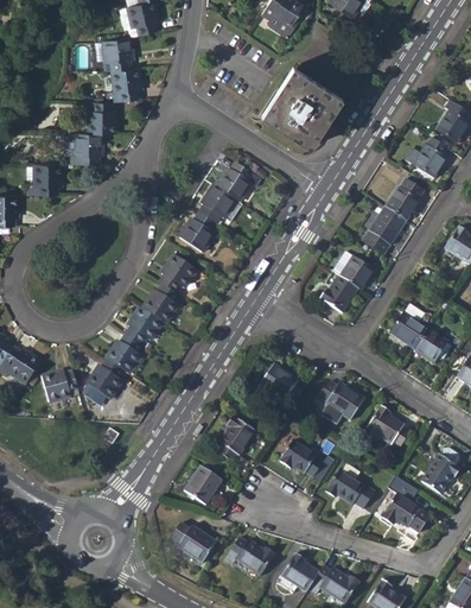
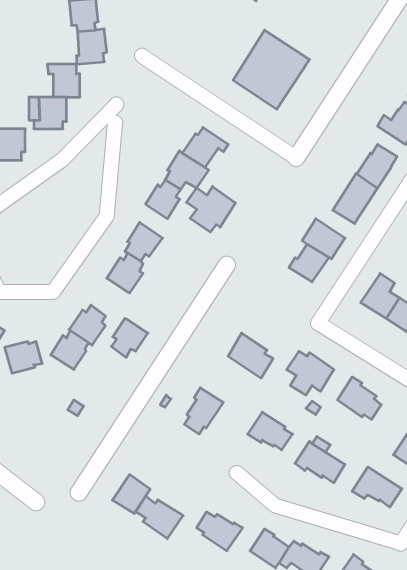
building: none -> [186,186,235,232]
building: [126,308,161,346] -> [111,318,148,357]
building: [184,466,221,504] -> [112,475,150,514]

